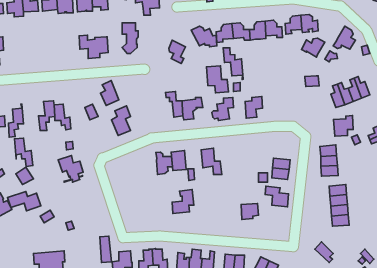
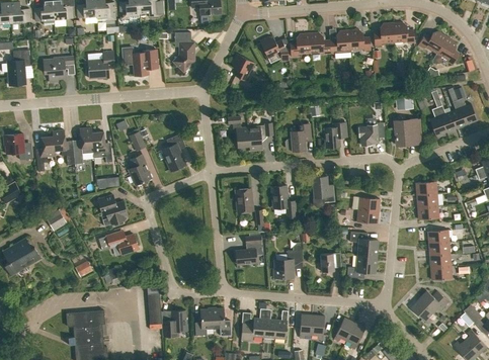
building: [302,38,325,57] -> [418,30,446,54]
building: none -> [87,51,114,78]
building: none -> [44,56,74,81]
building: [223,48,243,79] -> none
building: [207,66,229,93] -> none
building: [100,81,119,106] -> [129,154,151,184]
building: none -> [359,122,384,145]
building: [333,115,353,136] -> [395,117,419,143]
building: [14,138,33,166] -> [53,129,75,164]
building: none -> [311,175,334,204]
building: [156,152,173,174] -> none
building: [8,192,41,211] -> [98,231,139,254]
building: none -> [273,249,303,277]
building: none -> [347,254,377,278]
building: none -> [418,289,449,312]

